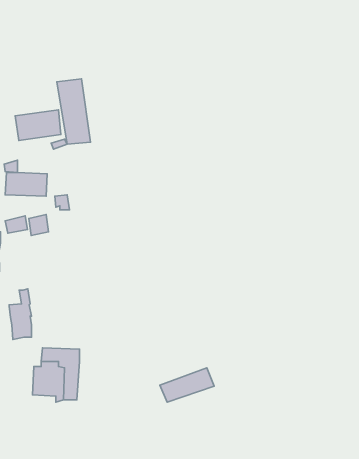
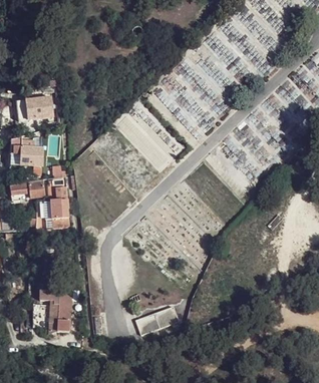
building: [57,79,90,144] -> none
building: [9,289,31,340] -> [50,186,68,228]

